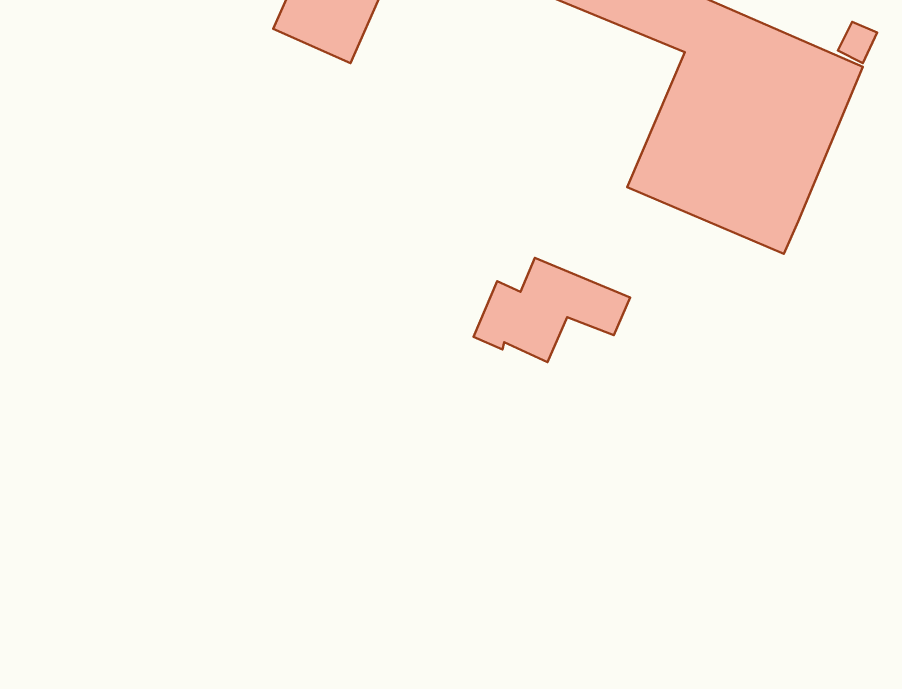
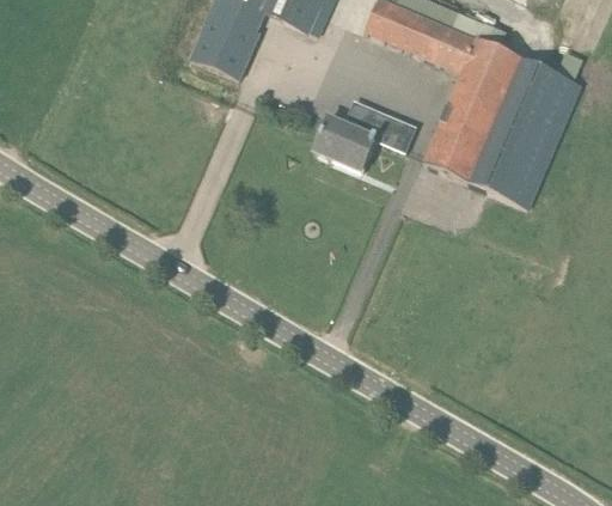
building: [474,258,630,362] -> [314,99,418,169]

